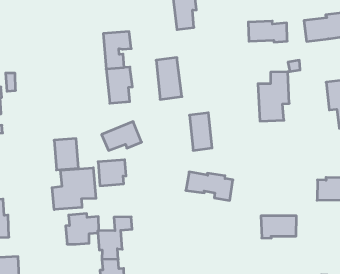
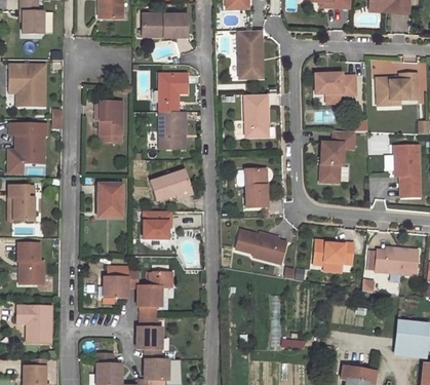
building: [156,58,182,99] -> [244,92,269,136]
building: none -> [101,102,123,134]
building: [52,168,96,210] -> none
building: [261,216,296,238] -> [314,240,353,265]

